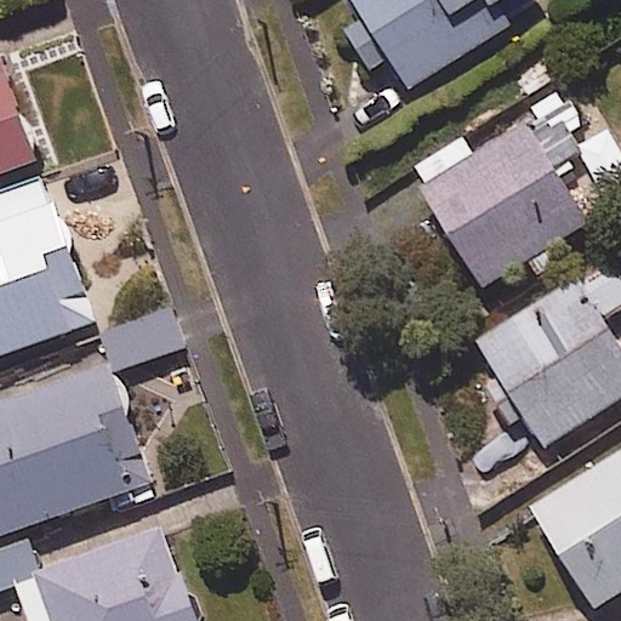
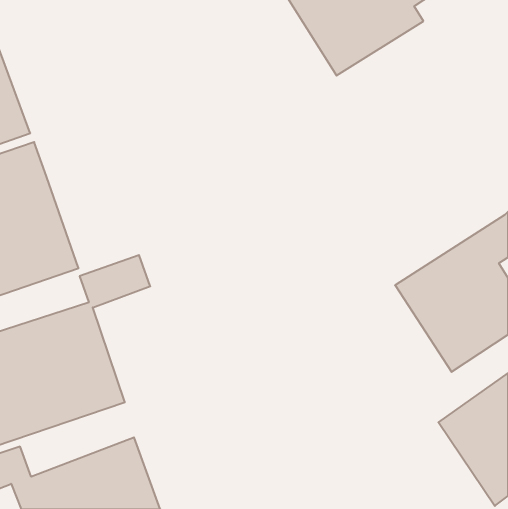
building: [406,81,589,290] -> none

